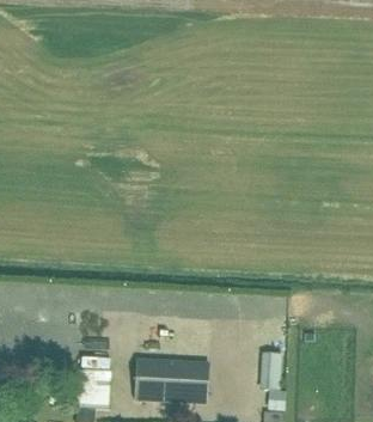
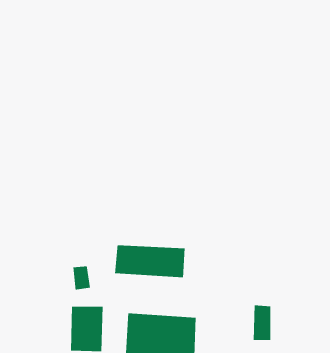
building: none -> [114,245,185,278]

